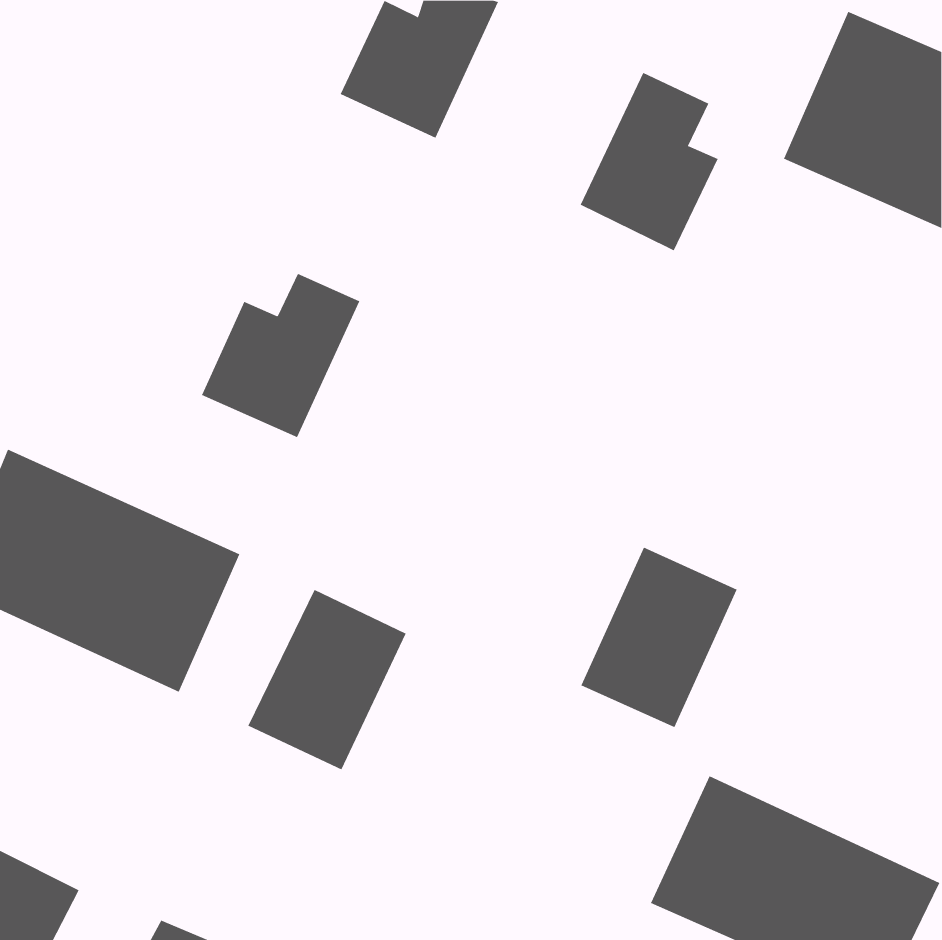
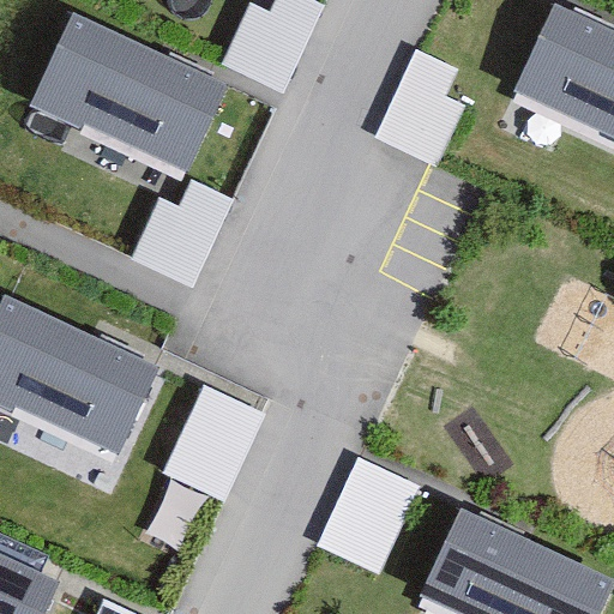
building: none -> [30,14,228,174]
building: [581,547,738,728] -> [315,458,417,576]

